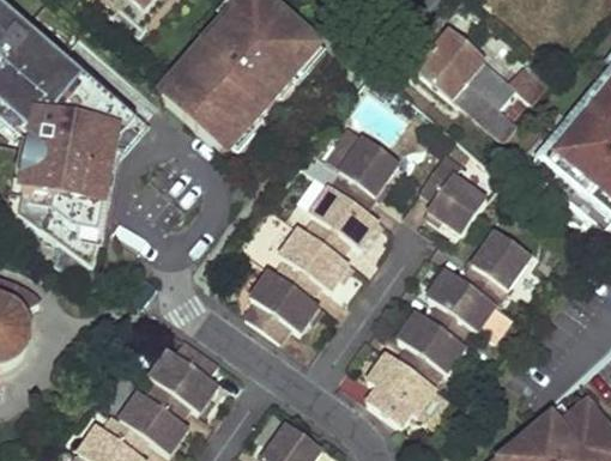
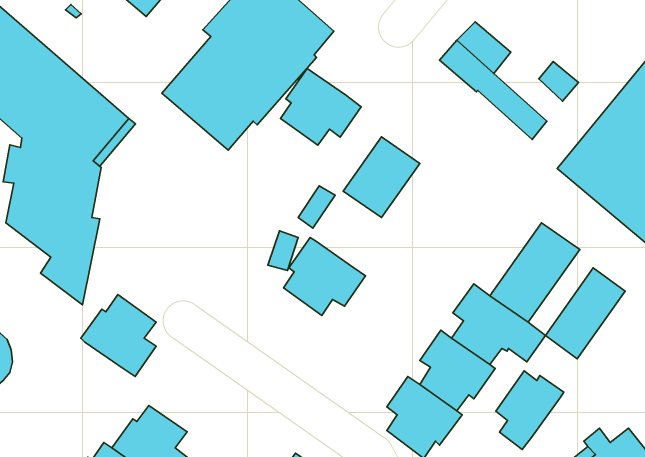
building: [421,147,491,231] -> none
building: [306,184,379,254] -> [281,68,361,145]
building: none -> [545,268,625,359]
building: [247,268,320,339] -> none
building: [150,335,218,410] -> [81,294,156,377]
building: none -> [496,371,564,450]

